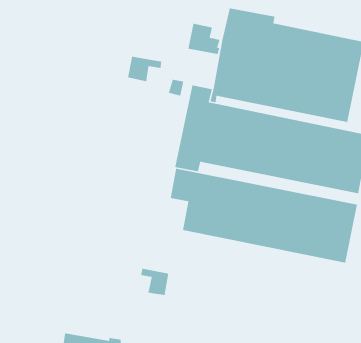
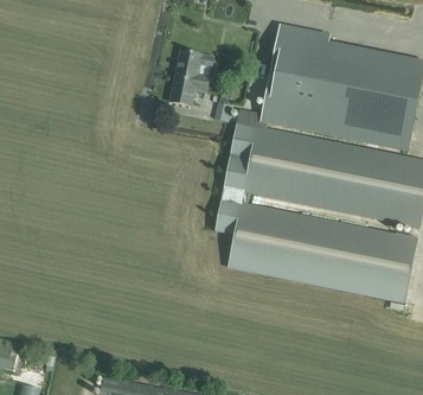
building: [187,23,220,55] -> [174,49,210,83]
building: [140,268,169,296] -> none

